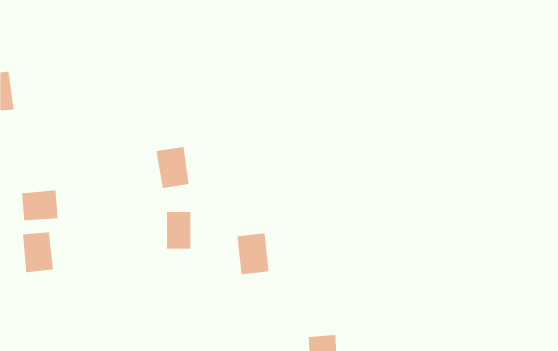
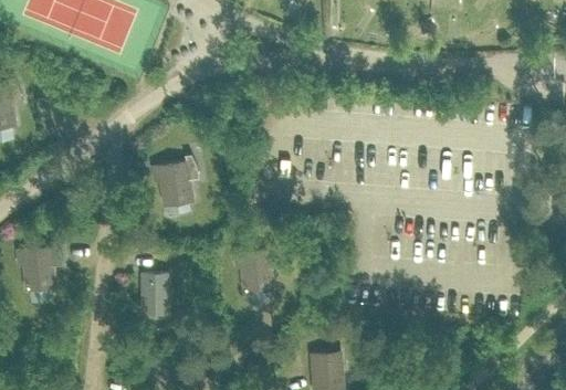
building: [21,190,59,221] -> none
building: [166,211,191,249] -> [143,275,168,314]

